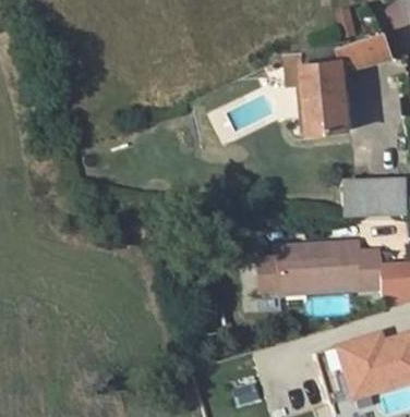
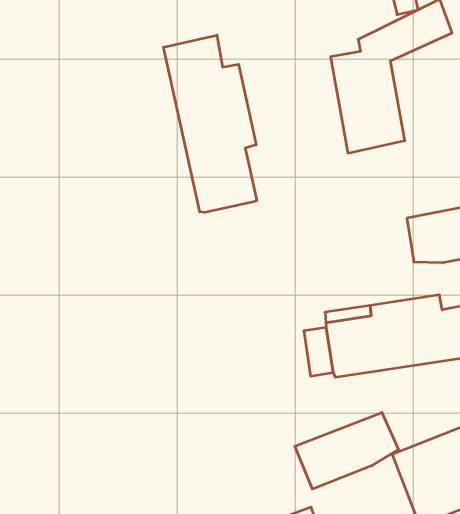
building: none -> [163,35,257,212]
building: none -> [295,412,398,489]

